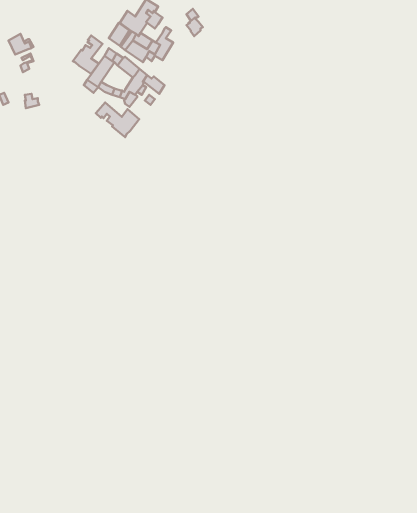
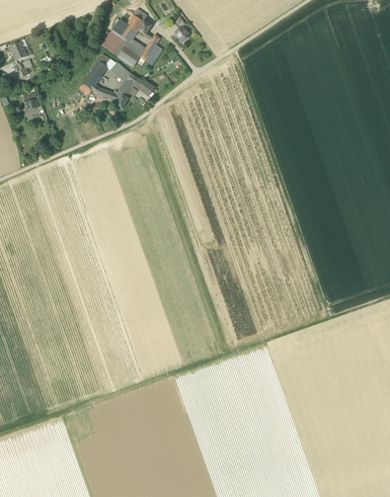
building: [73,35,102,74] -> none
building: [96,102,139,137] -> none

